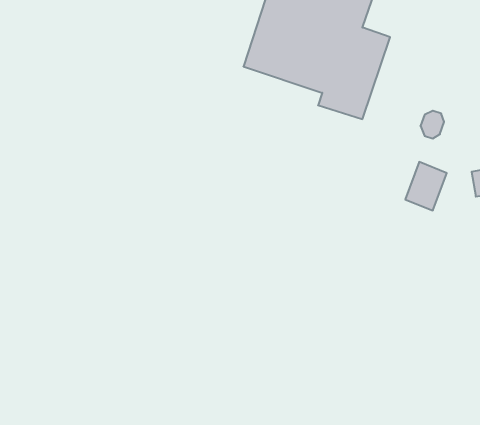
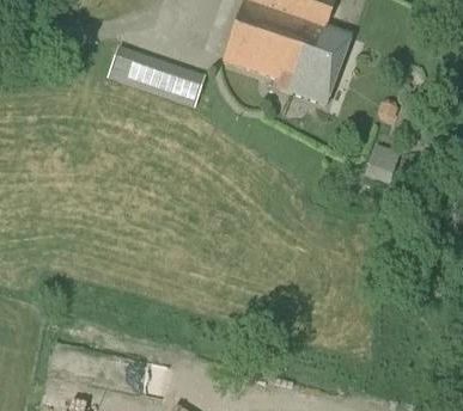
building: none -> [106,44,206,106]

